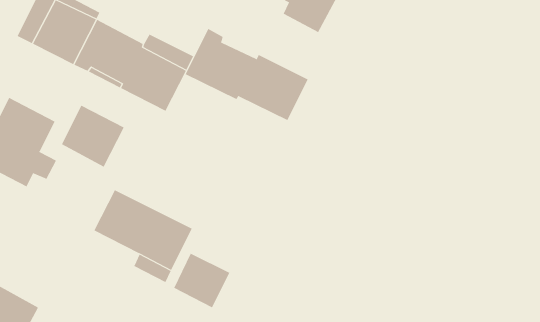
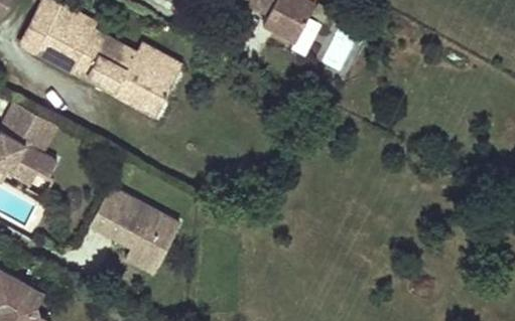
building: [185,28,308,121] -> none
building: [61,105,125,167] -> none
building: [173,253,230,308] -> none

